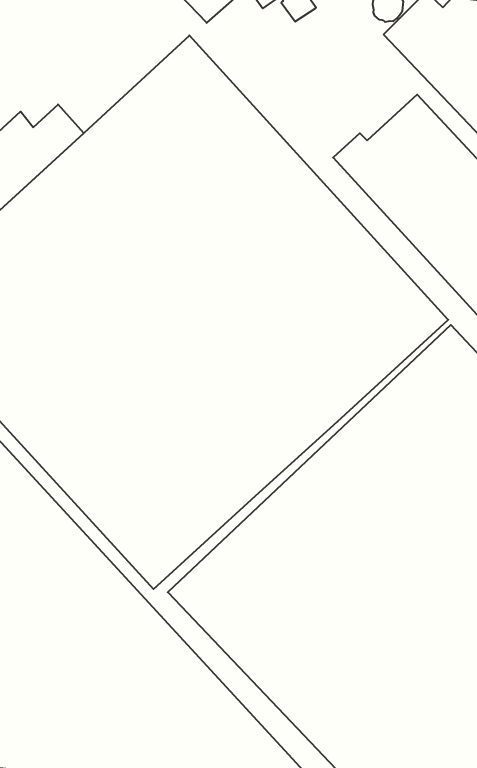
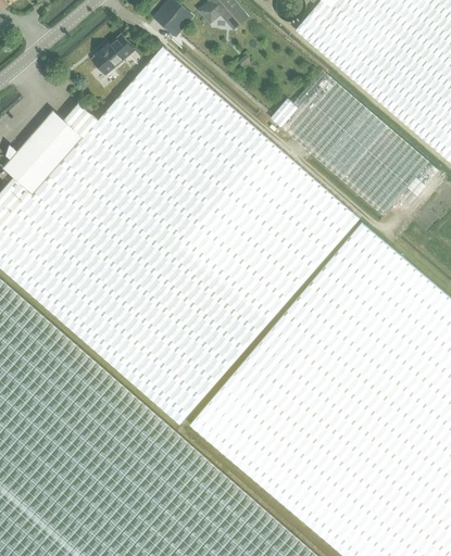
building: none -> [92,34,135,74]

